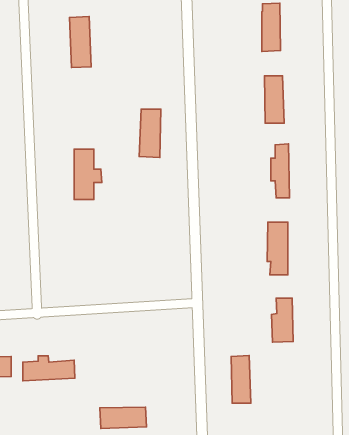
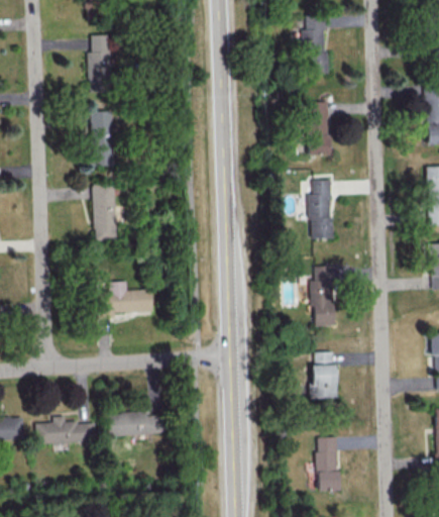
building: [139,109,161,158] -> [90,111,114,166]
building: none -> [96,281,152,318]
building: [231,356,251,403] -> [317,436,339,490]
building: [100,407,147,429] -> [108,412,160,436]

